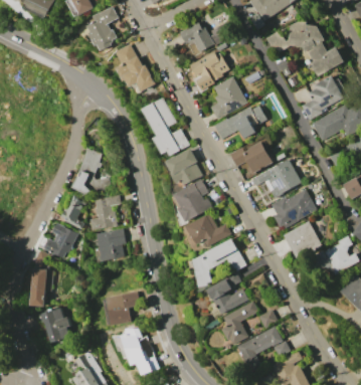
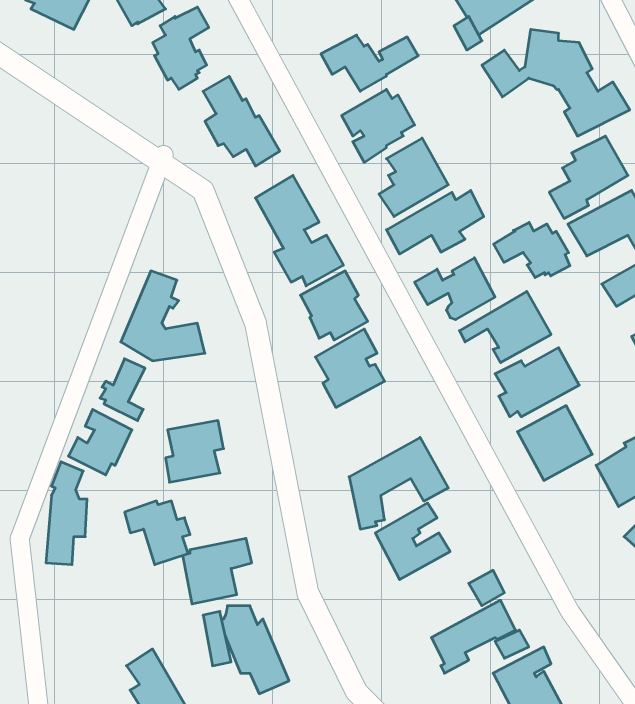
building: none -> [494,222,570,278]
building: [91,195,121,229] -> none
building: [187,213,231,246] -> none
building: [221,301,257,344] -> none
building: [35,308,70,342] -> [125,501,190,565]

